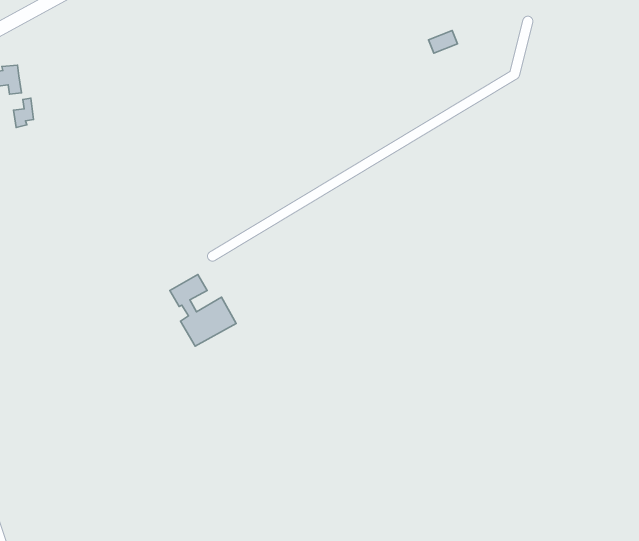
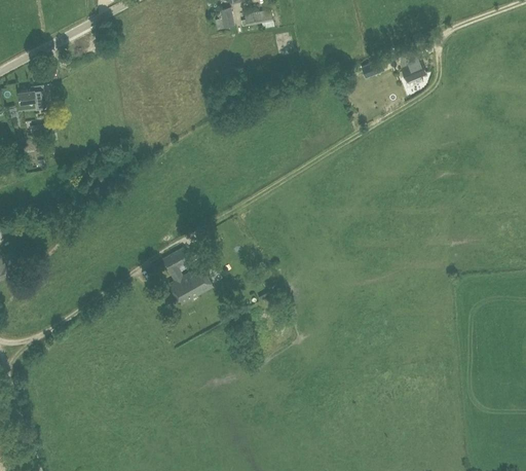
building: none -> [397,48,425,81]

